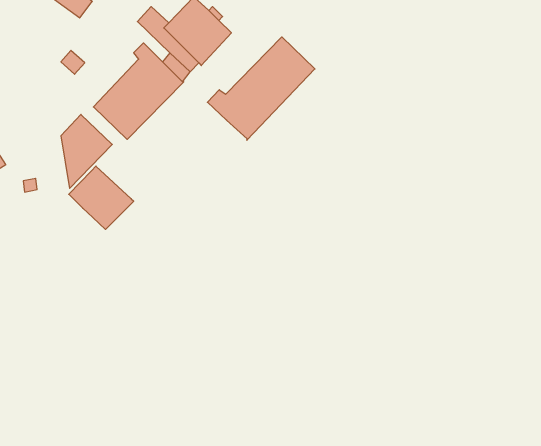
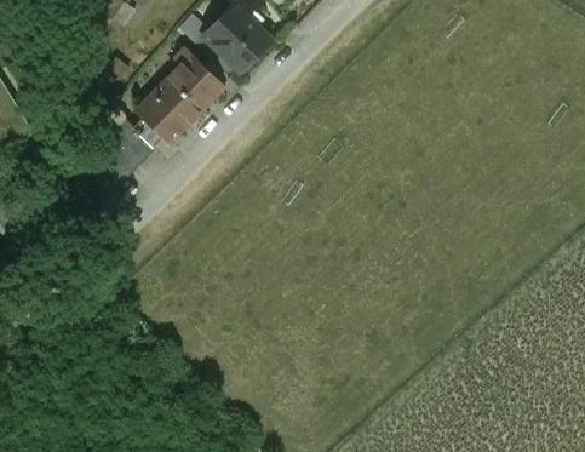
building: [207,37,315,140] -> none
building: [69,166,134,229] -> none

